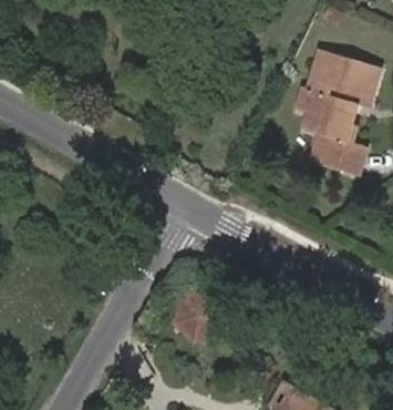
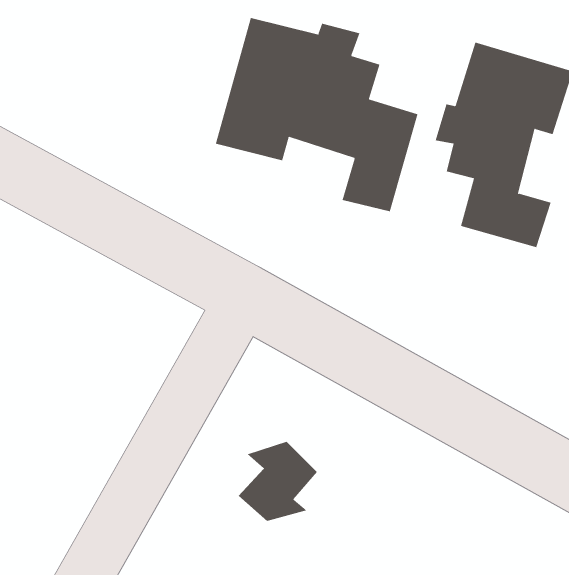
building: none -> [215,17,418,212]

